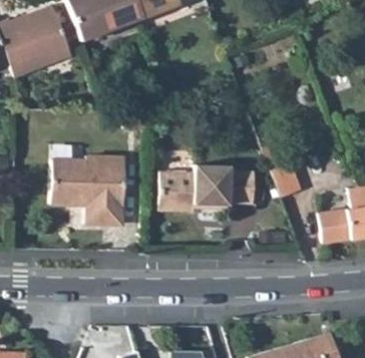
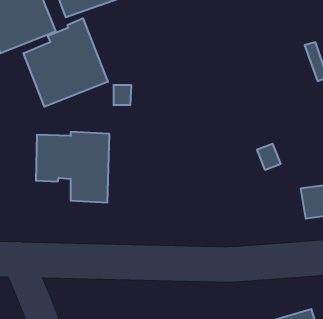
building: none -> [24,18,108,107]
building: [159,164,255,212] -> none

